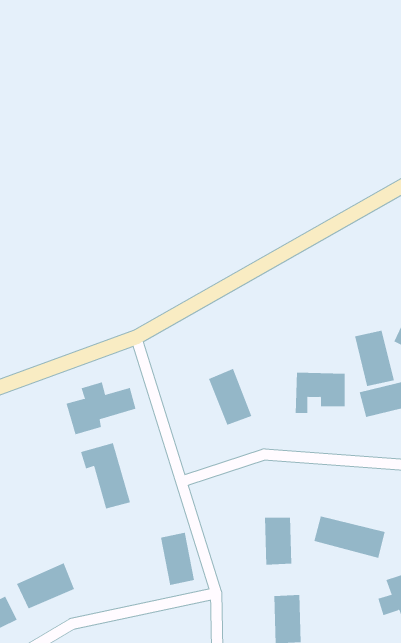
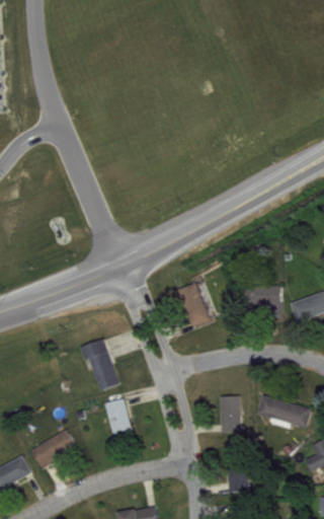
building: [354,330,394,387] -> none
building: [66,382,136,435] -> none
building: [160,532,195,585] -> [104,398,131,439]

